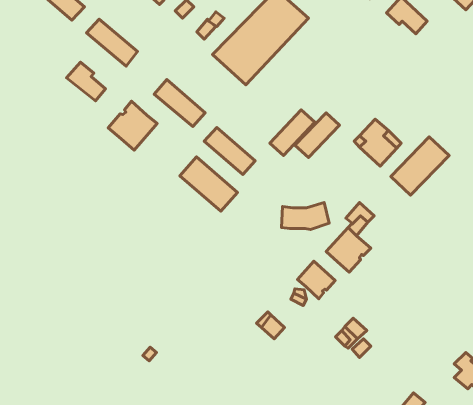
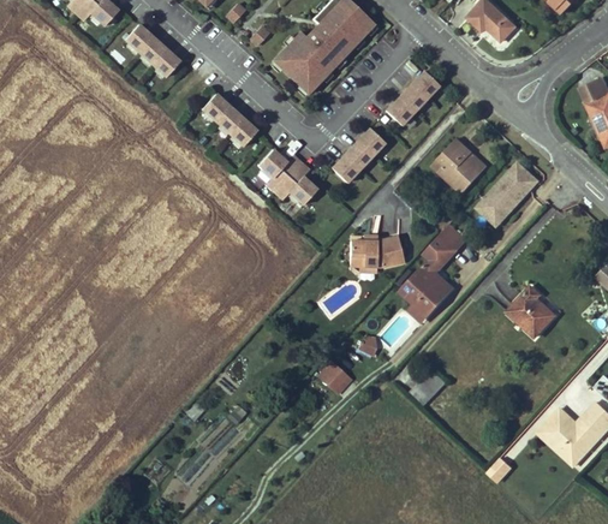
building: [67,62,106,101] -> none
building: [108,101,157,150] -> none
building: [295,113,340,158] -> [388,71,440,123]
building: [180,157,238,211] -> none
building: none -> [507,285,554,337]
building: [297,261,335,299] -> none

